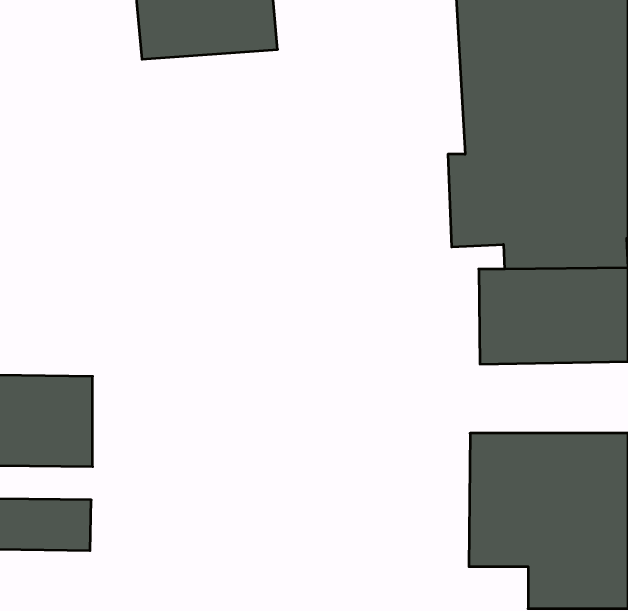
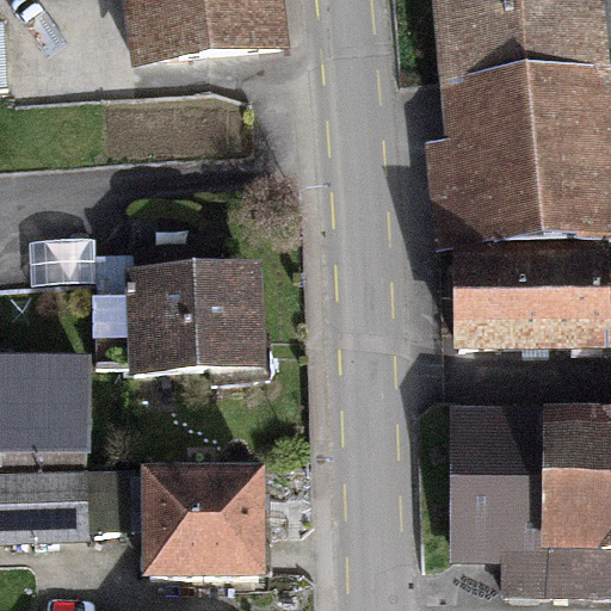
building: none -> [131,278,259,366]
building: none -> [153,483,266,584]

